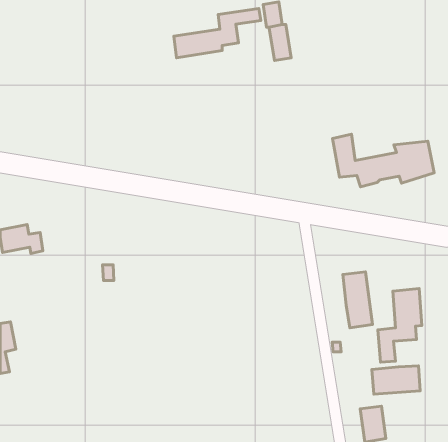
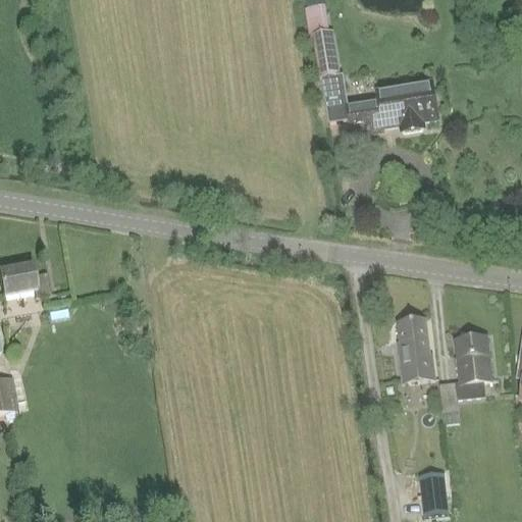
building: [174,9,261,58] -> none
building: [332,134,434,187] -> [320,71,438,133]
building: [372,366,420,394] -> none

